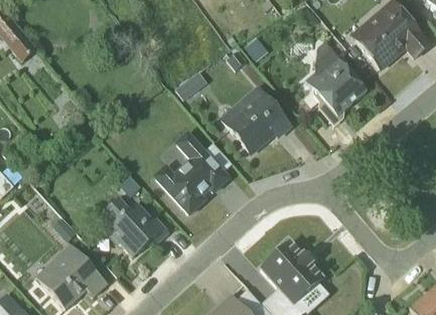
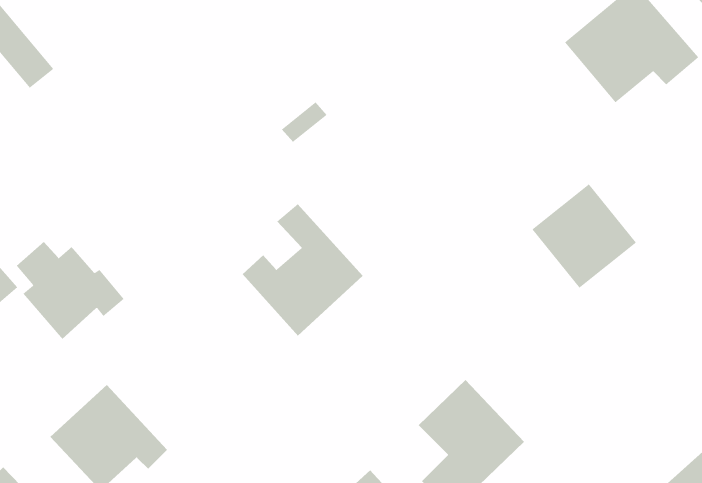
building: [305,52,370,117] -> [532,183,637,289]
building: [221,85,293,149] -> none
building: [104,196,170,257] -> [16,241,125,340]

